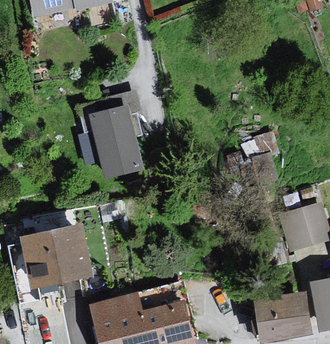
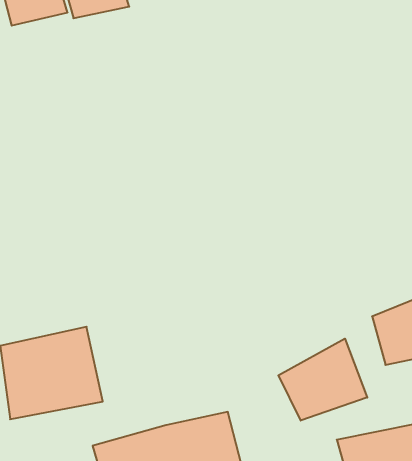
building: [88,106,139,176] -> none
building: none -> [278,339,367,421]

